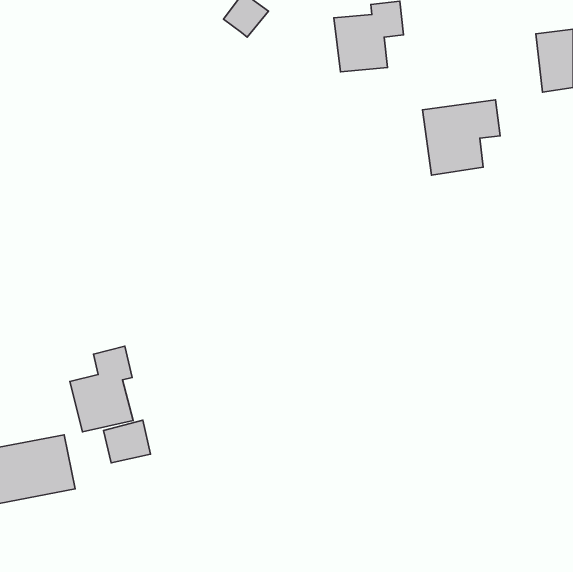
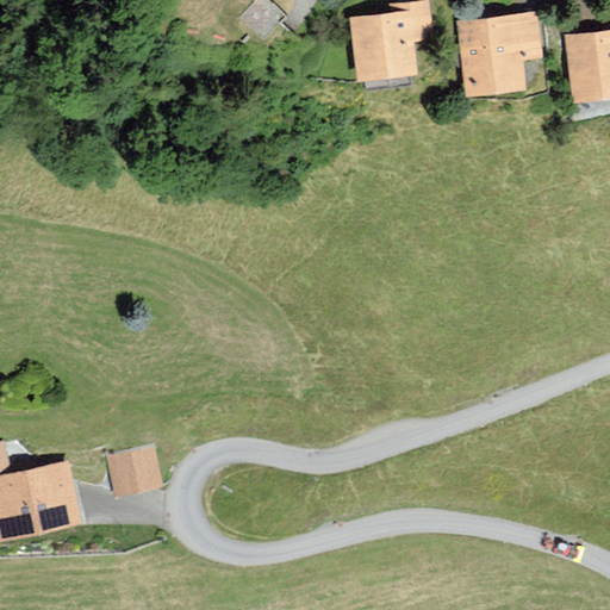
building: [423,100,500,175] -> [458,13,540,93]
building: [70,346,133,432] -> none

